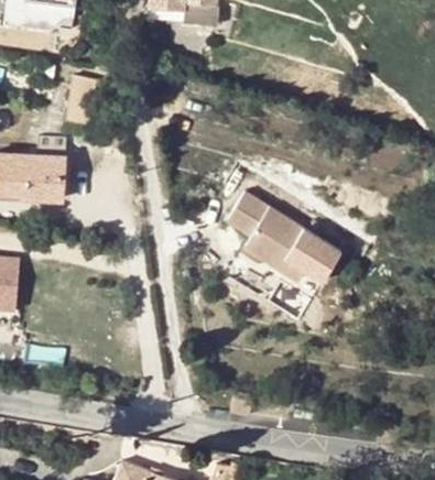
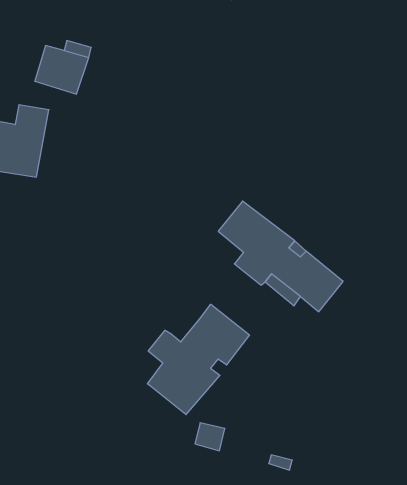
building: none -> [147,304,249,415]

